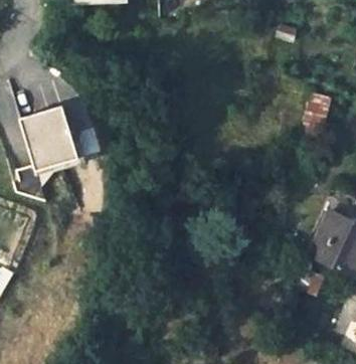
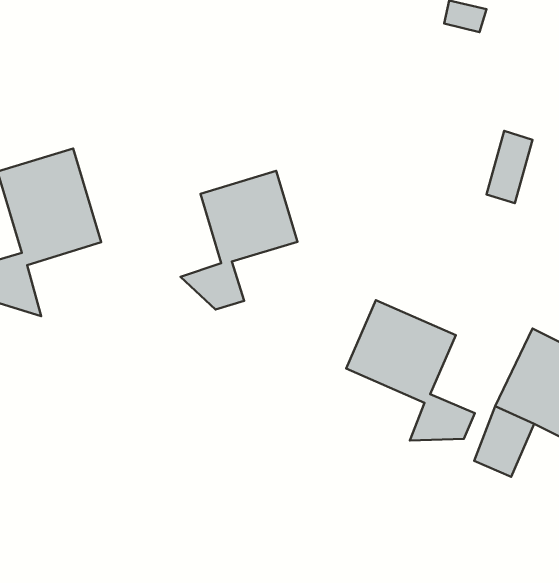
building: none -> [180,171,298,309]
building: none -> [346,300,475,440]

